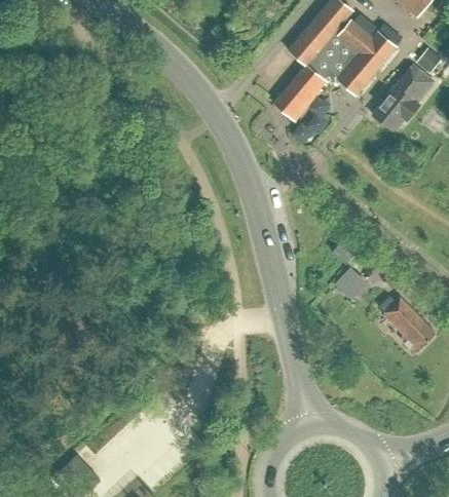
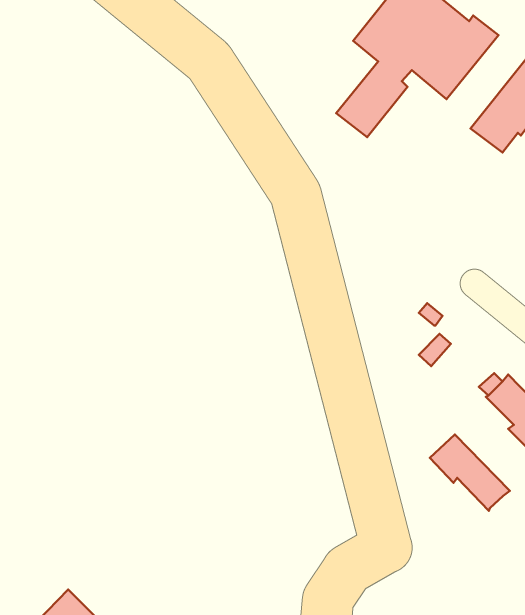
building: none -> [430,434,510,511]

